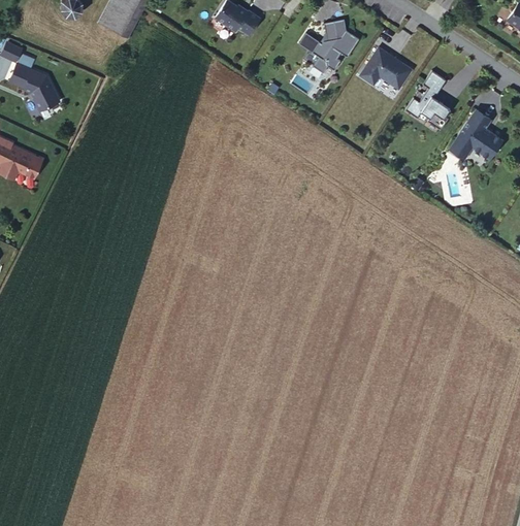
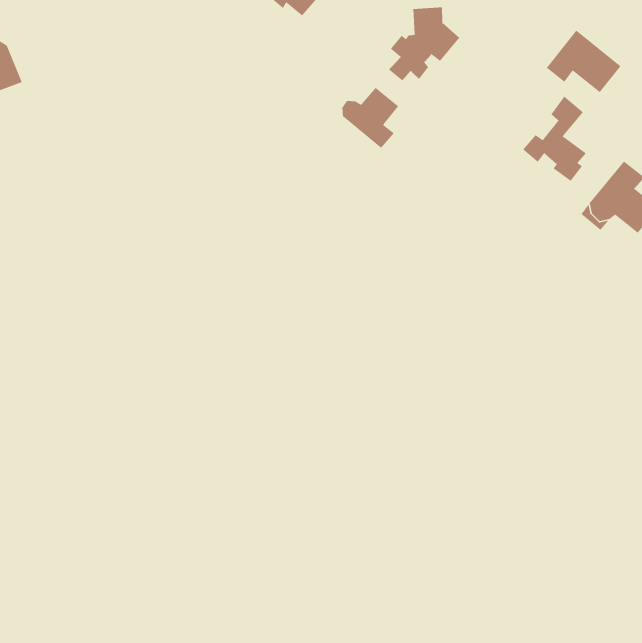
building: [359,50,411,92] -> [546,30,621,93]
building: none -> [342,87,399,149]

